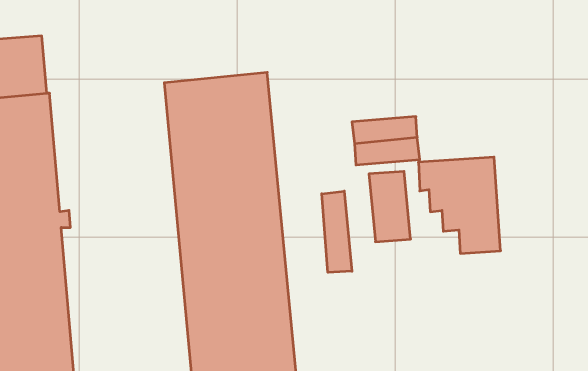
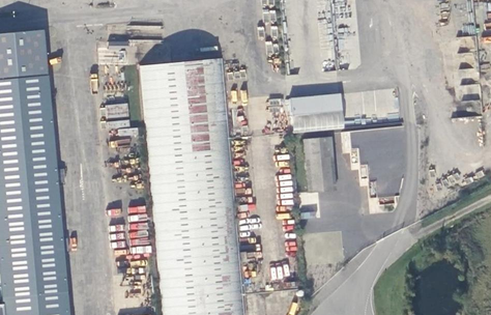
building: [322,191,352,272] -> none

